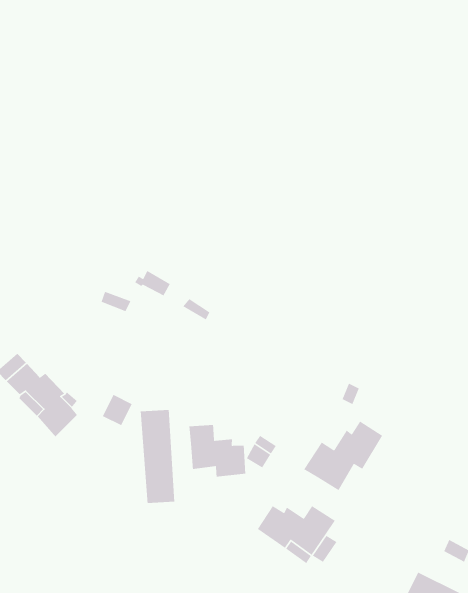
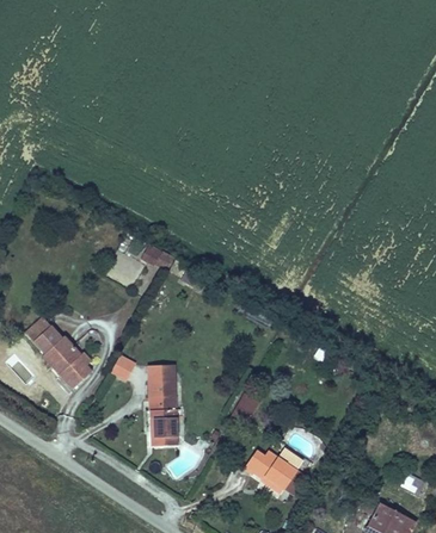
building: [303,420,383,491] -> none
building: [188,424,246,477] -> none

